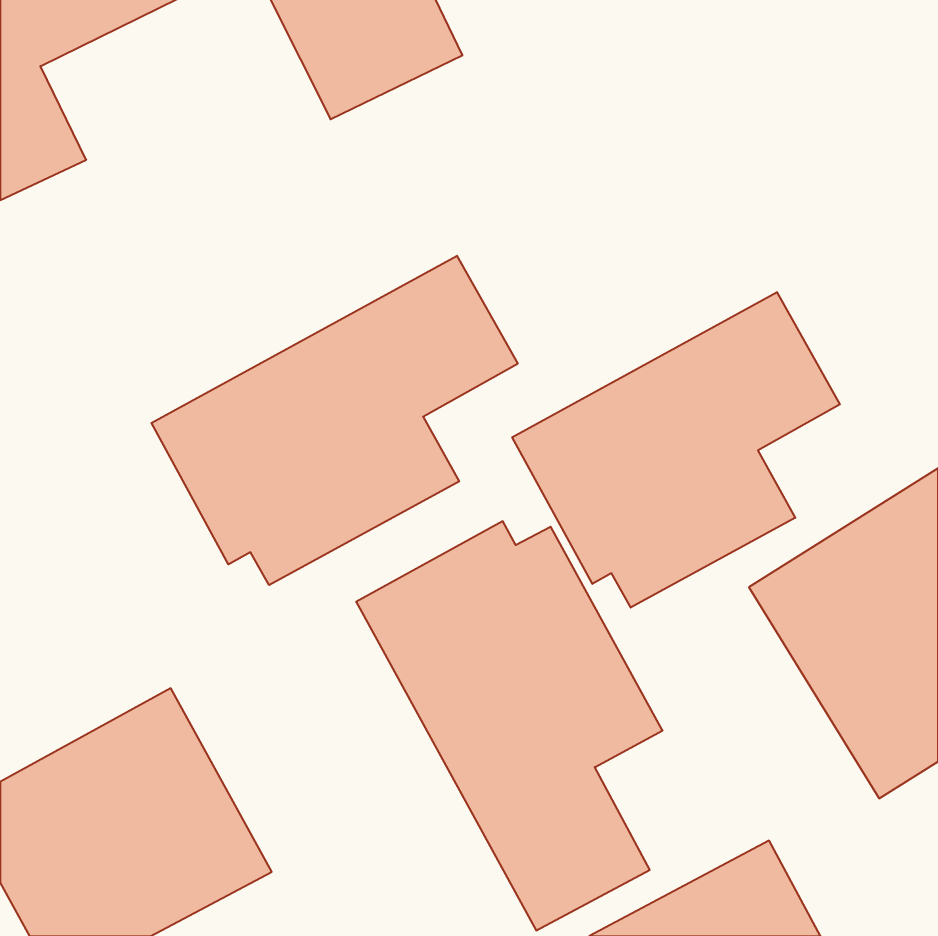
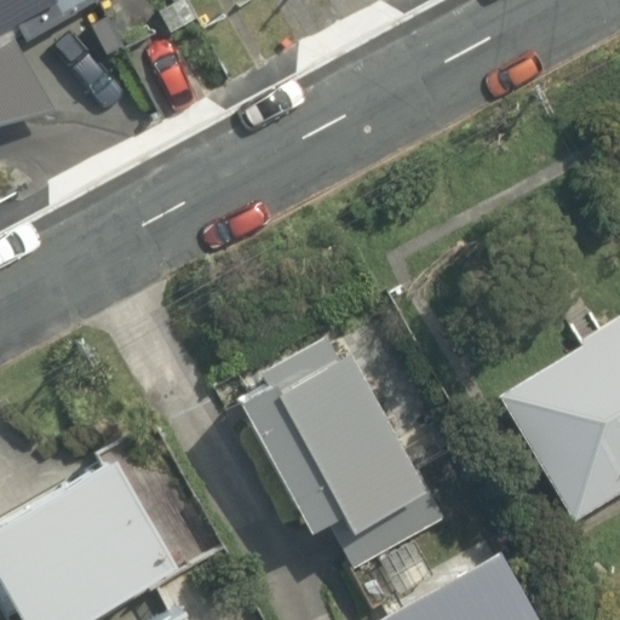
building: [151,256,518,585] -> none
building: [512,292,840,608] -> none

